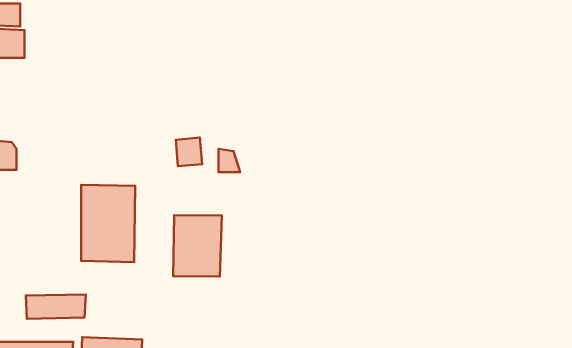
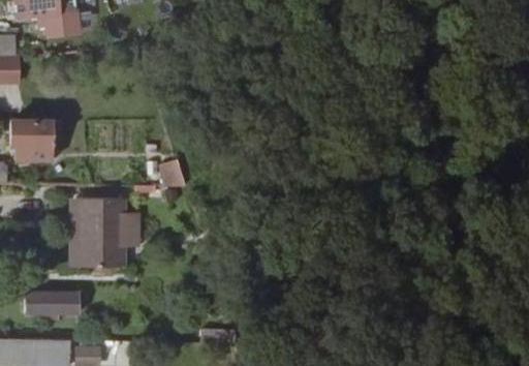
building: none -> [21,124,67,161]
building: [173,215,222,277] -> none

